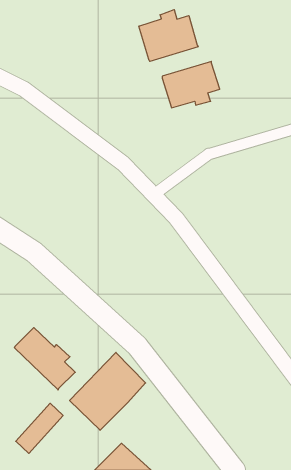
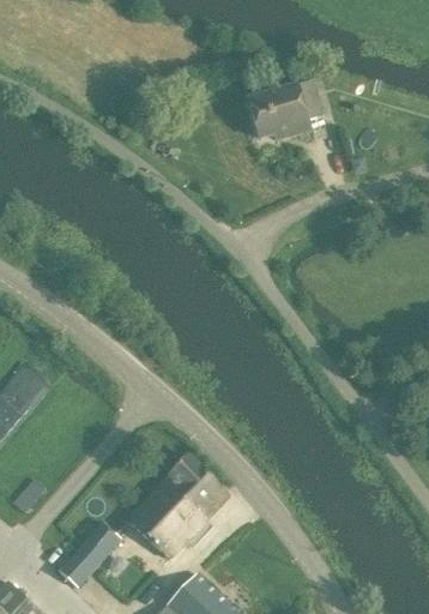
building: [139,10,198,61] -> none
building: [14,328,75,390] -> none

